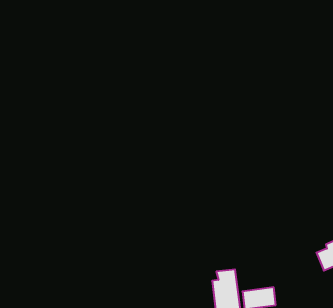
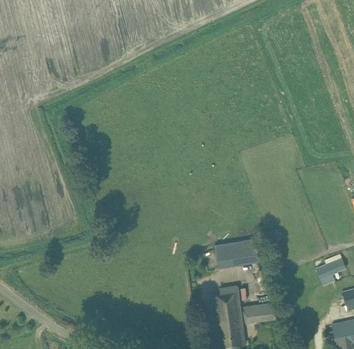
building: none -> [214,239,259,266]

